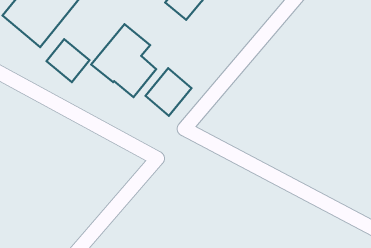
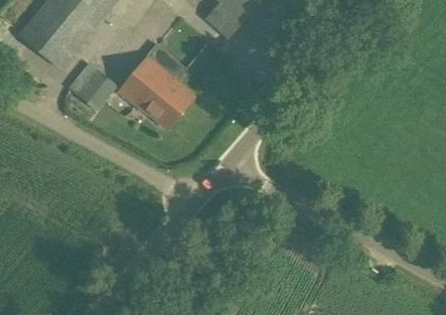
building: [145,68,192,116] -> none

